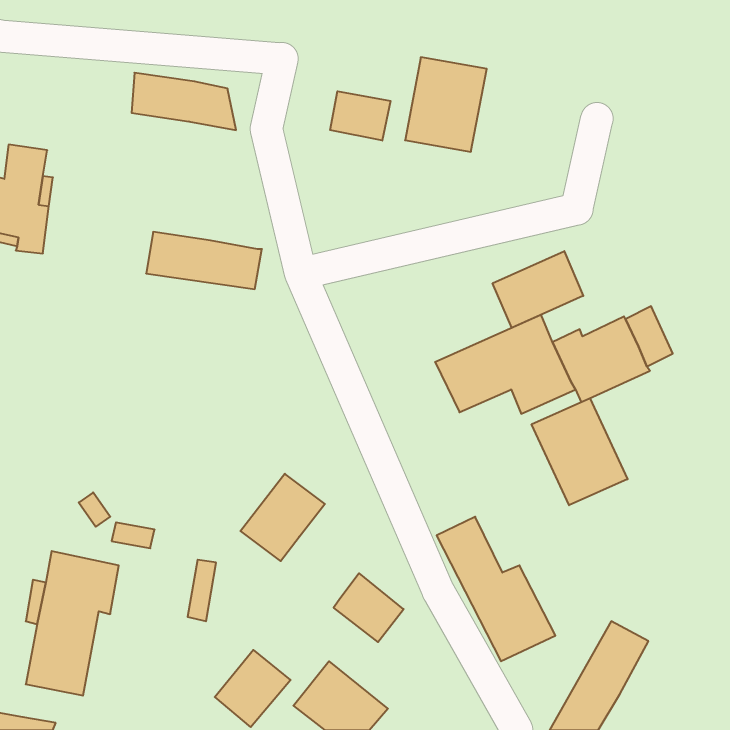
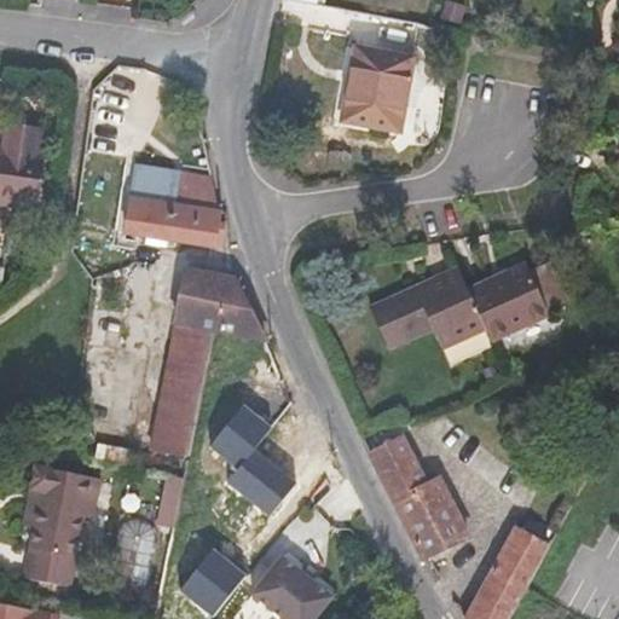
building: [132,73,236,130] -> [129,162,218,210]
building: [330,91,391,141] -> none
building: [493,251,583,328] -> none
building: none -> [149,268,267,456]
building: [532,398,628,505] -> none
building: [334,573,404,642] -> [231,453,290,511]

